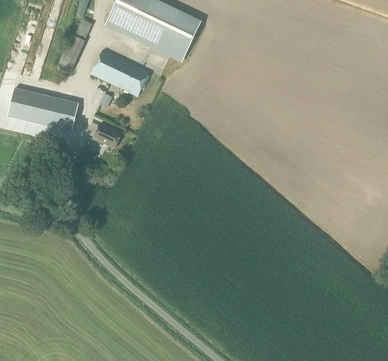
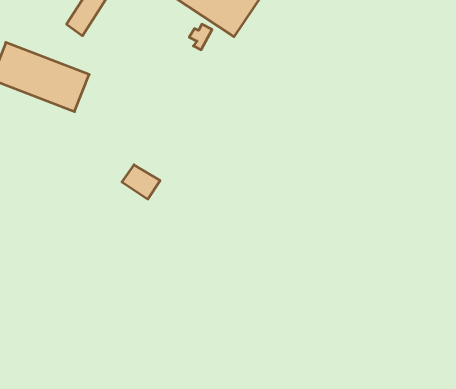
building: [91,49,149,95] -> none
building: [93,124,121,148] -> [122,165,160,199]

